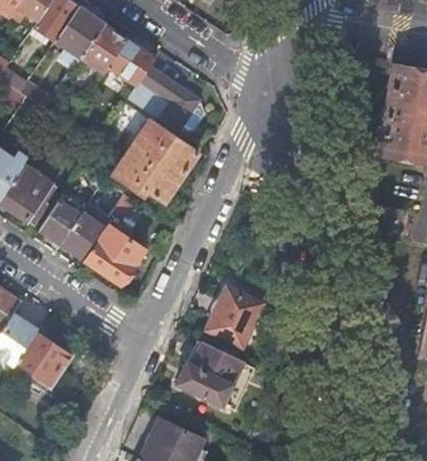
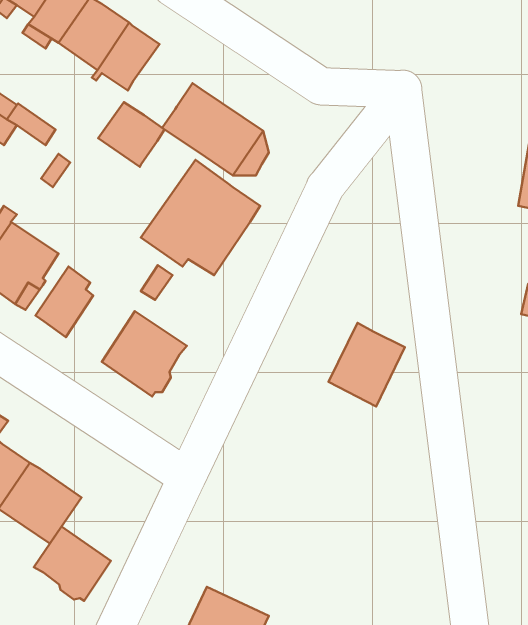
building: [109,39,155,84] -> [98,102,164,167]
building: [61,203,109,257] -> none
building: [208,287,261,345] -> [329,323,405,406]
building: [176,341,243,406] -> none
building: none -> [34,527,111,601]

